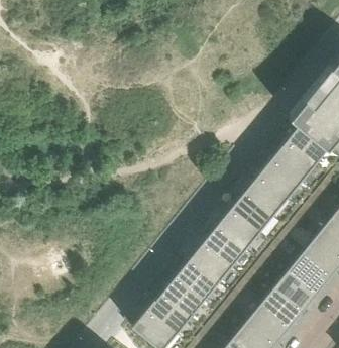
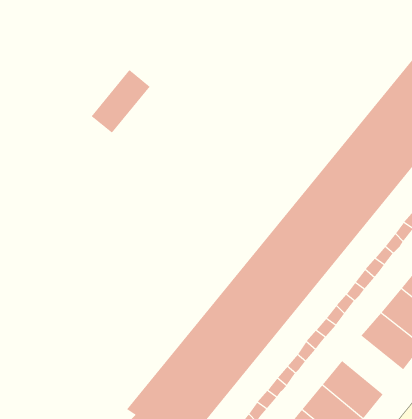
building: none -> [91,69,150,134]
building: [274,268,318,310] -> none

